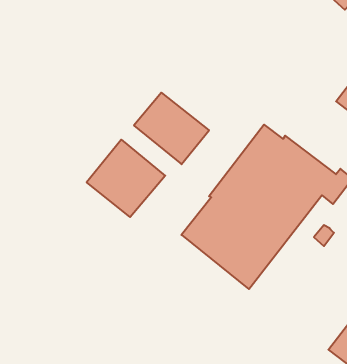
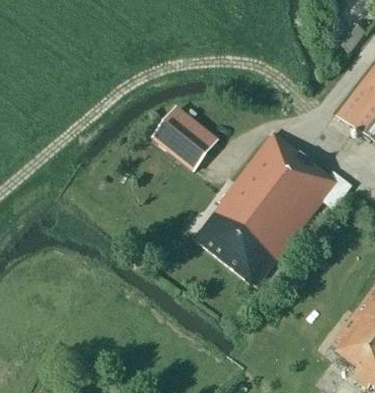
building: [87,140,165,217] -> none

